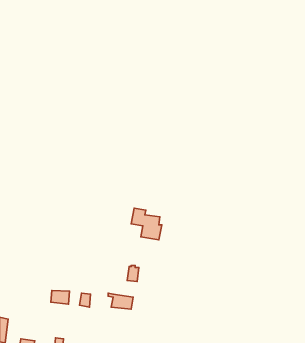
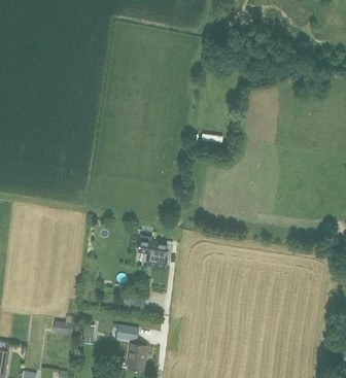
building: none -> [128,344,147,371]

